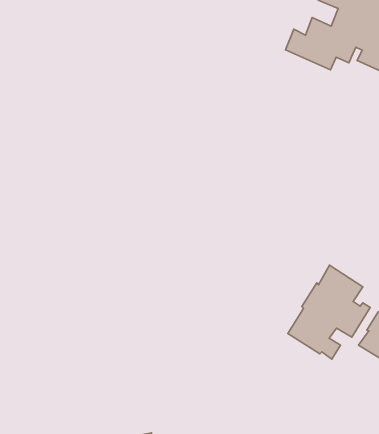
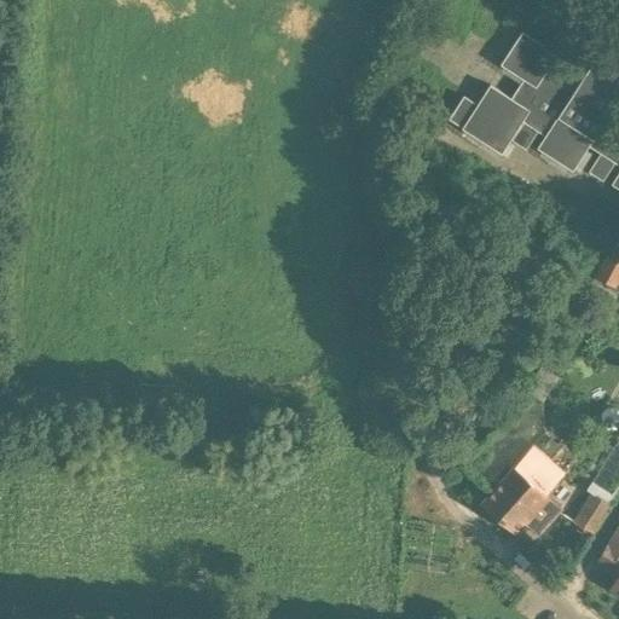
building: [288,265,370,359] -> none

